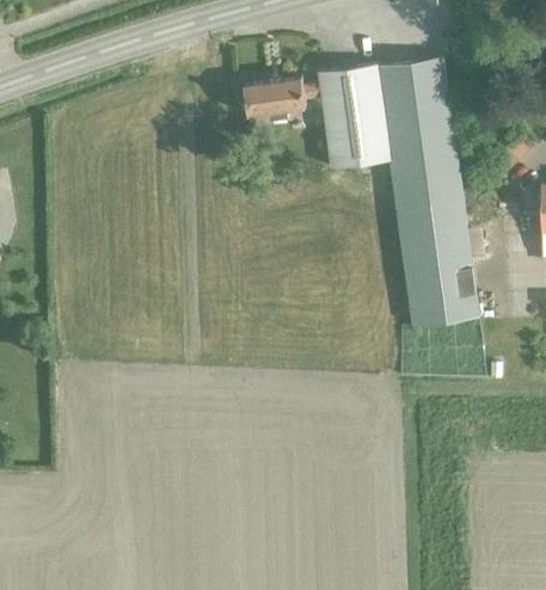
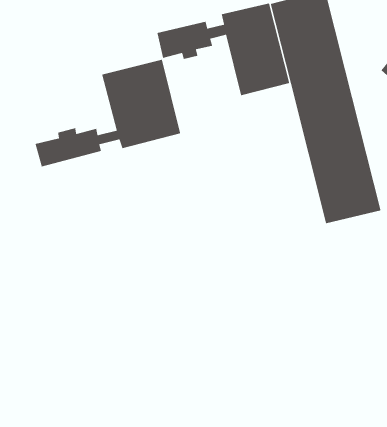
building: none -> [34,59,181,167]

